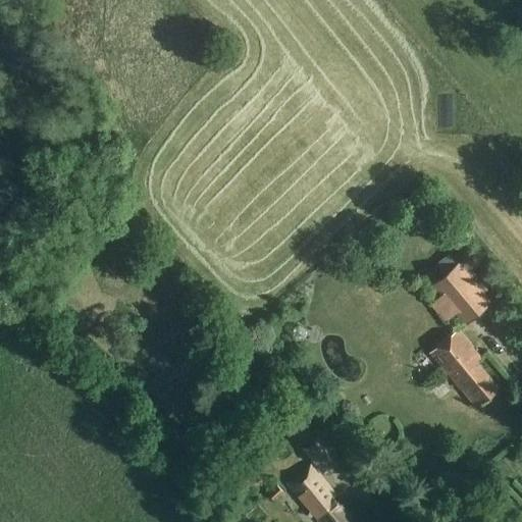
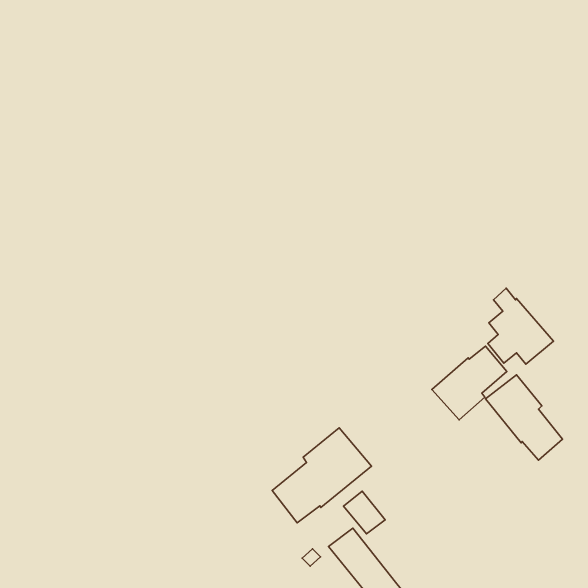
building: none -> [432,346,507,420]
building: none -> [272,428,372,523]

